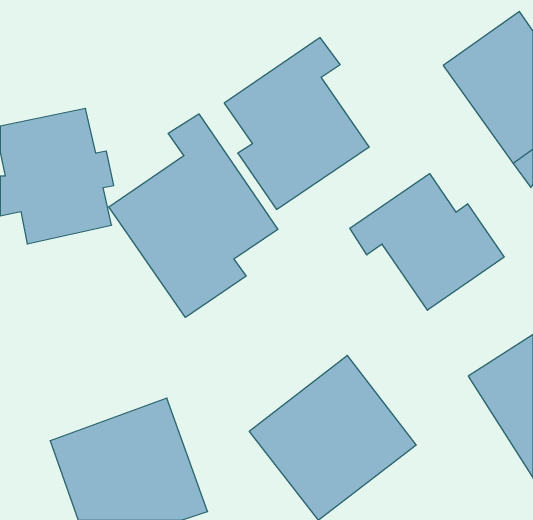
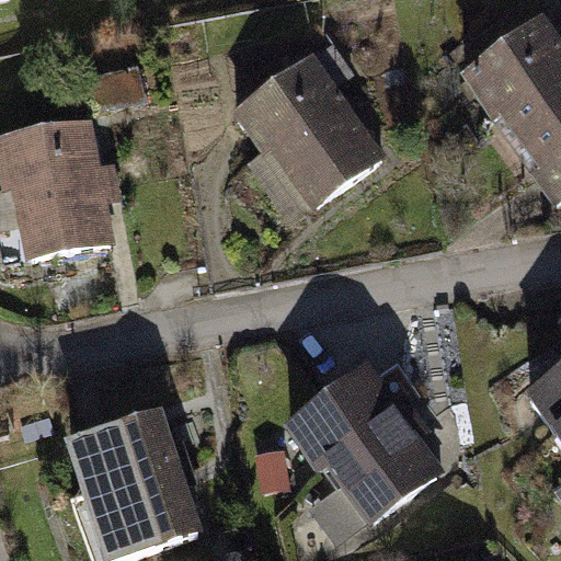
building: [109,114,278,317] -> none
building: [350,174,504,310] -> none

